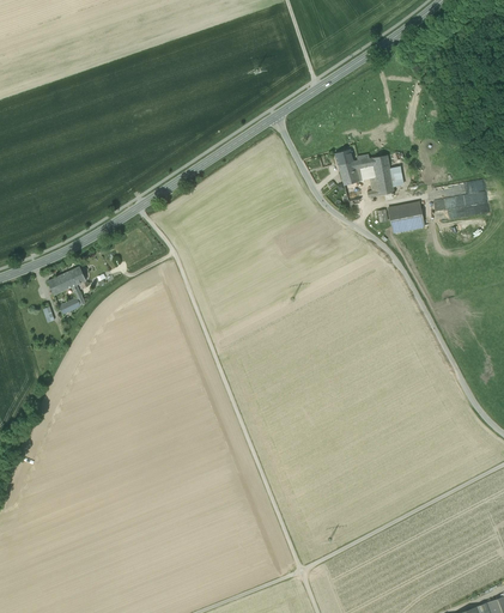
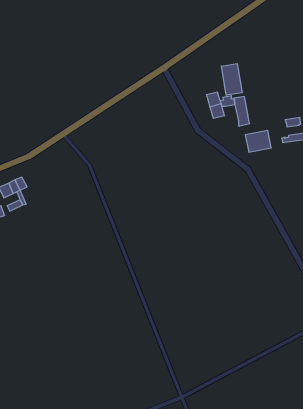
building: none -> [221,64,242,95]

